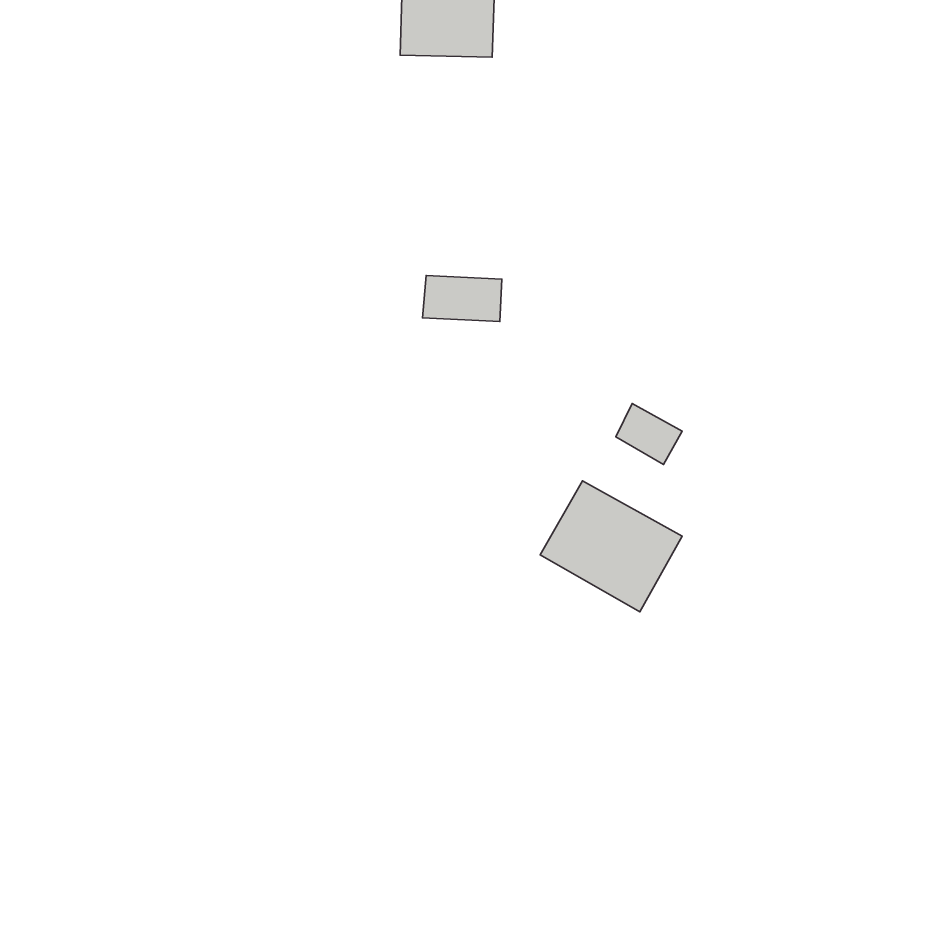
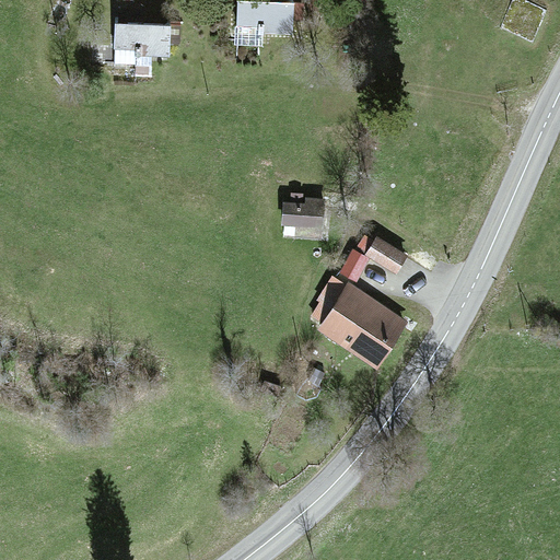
building: none -> [114,20,171,50]
building: [422,275,502,322] -> [279,202,326,230]

